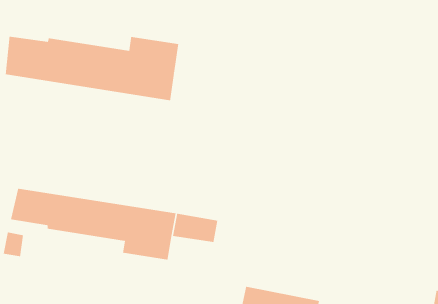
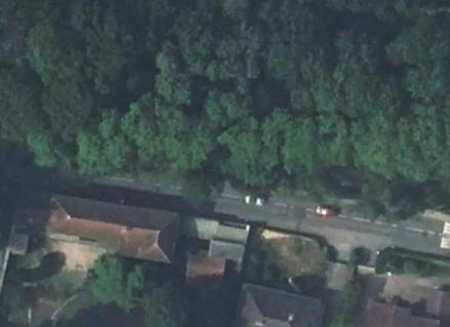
building: [5,36,179,101] -> none
building: none -> [188,222,249,288]

